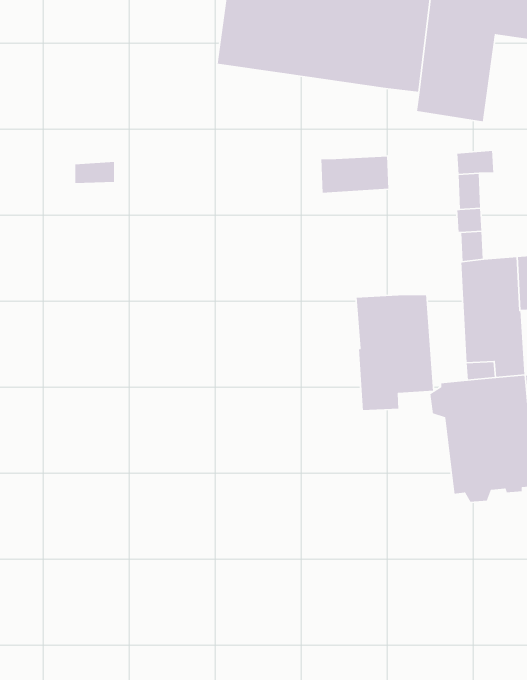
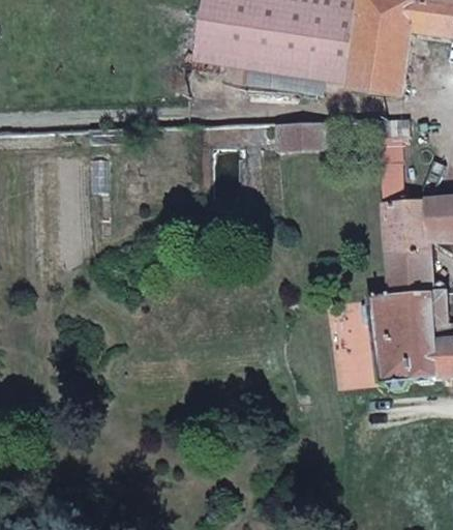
building: none -> [246,58,328,92]
building: [356,294,434,411] -> none

